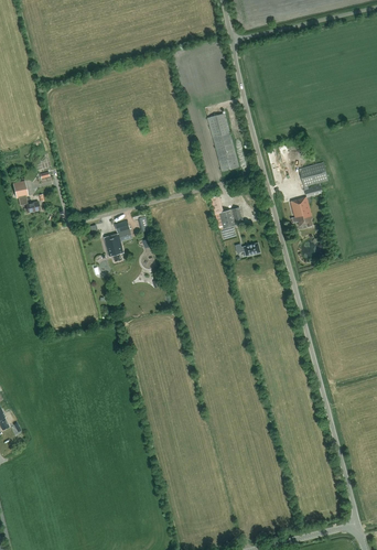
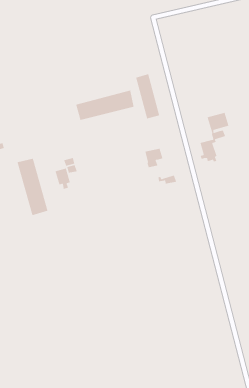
building: none -> [75,90,134,121]
building: none -> [16,158,49,216]

